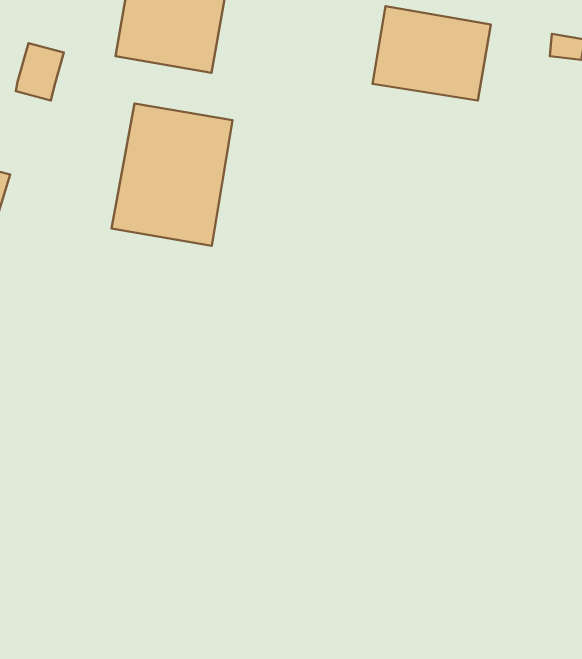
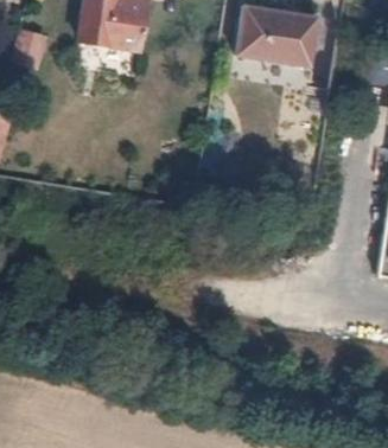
building: [111,103,232,246] -> none

